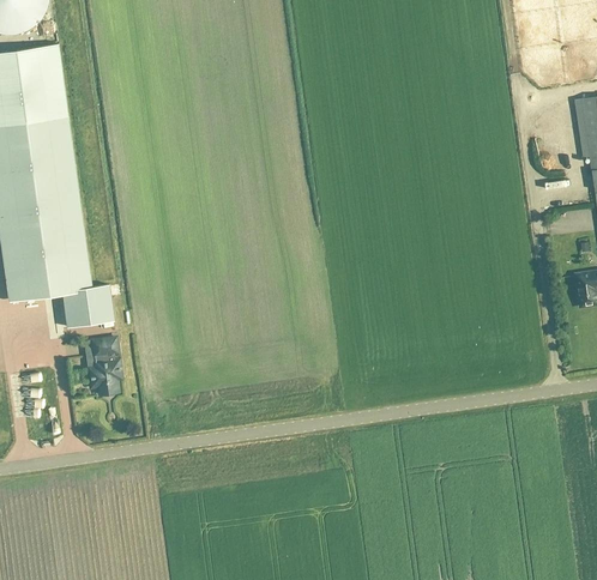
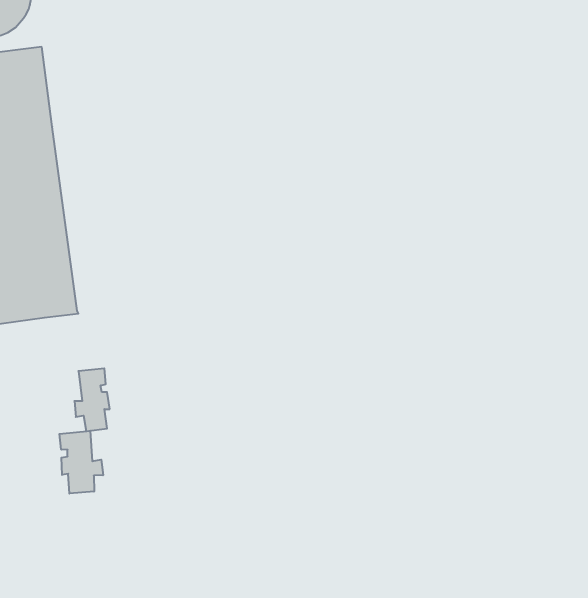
building: [61,284,114,328] -> none
building: none -> [59,431,103,494]

